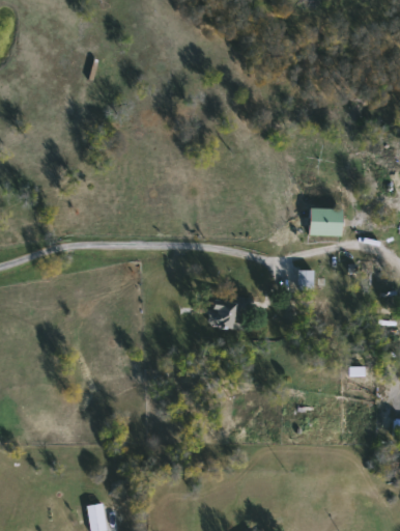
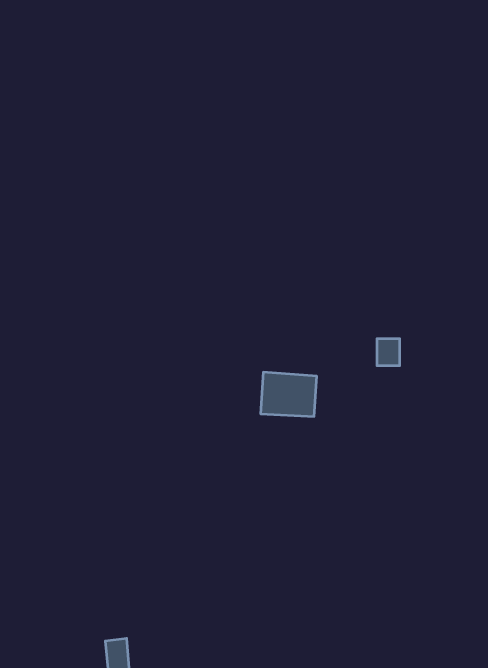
building: [310,208,344,235] -> none

